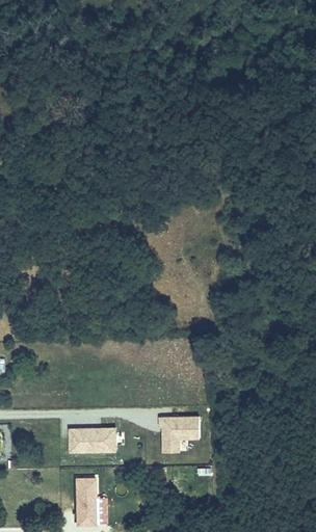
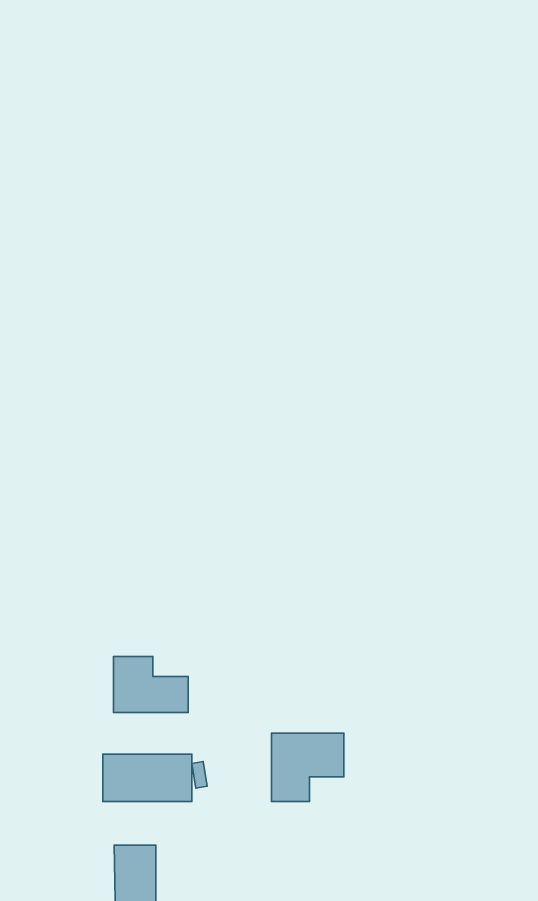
building: none -> [114,656,188,712]

